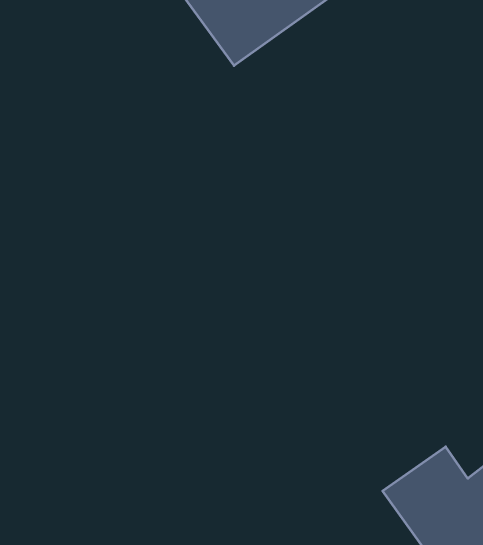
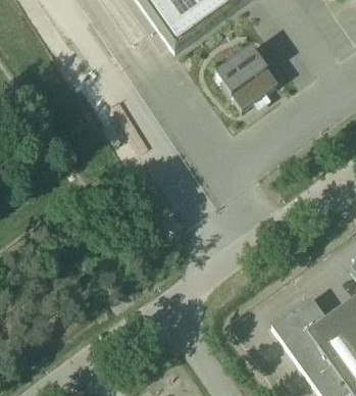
building: none -> [209,41,277,111]

